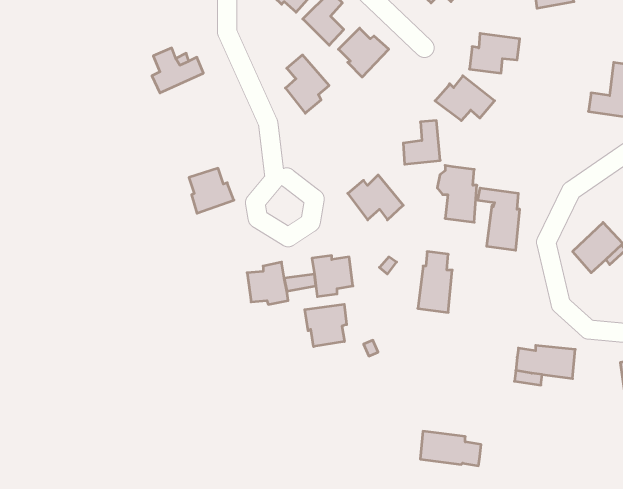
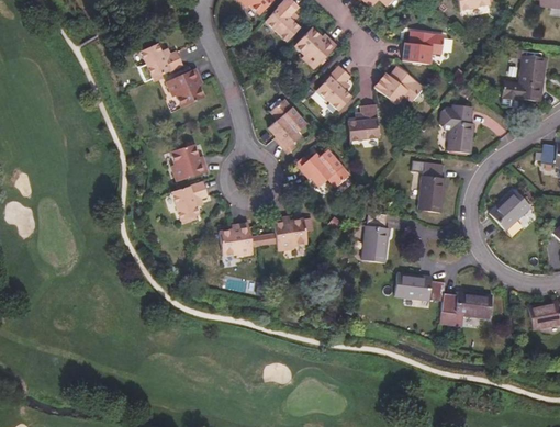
building: [285,55,329,113] -> [270,100,306,148]
building: none -> [317,66,351,111]
building: none -> [167,69,204,108]
building: [437,165,477,222] -> [440,106,473,154]
building: none -> [171,181,208,220]
building: [305,304,347,347] -> none
building: [420,431,481,466] -> [394,272,445,301]

